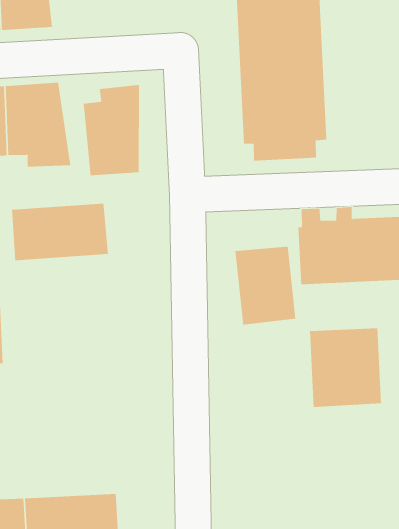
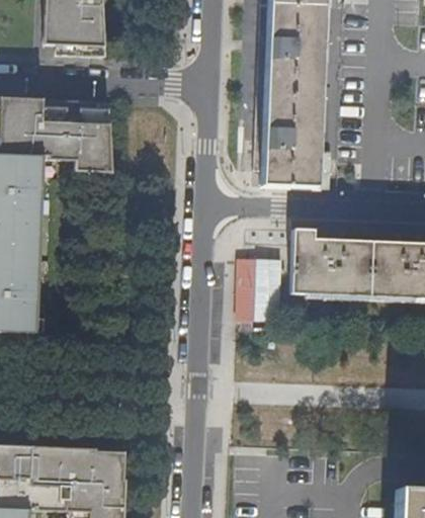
building: [83,84,139,176] -> none
building: [12,203,109,261] -> none
building: [309,328,381,408] -> none

